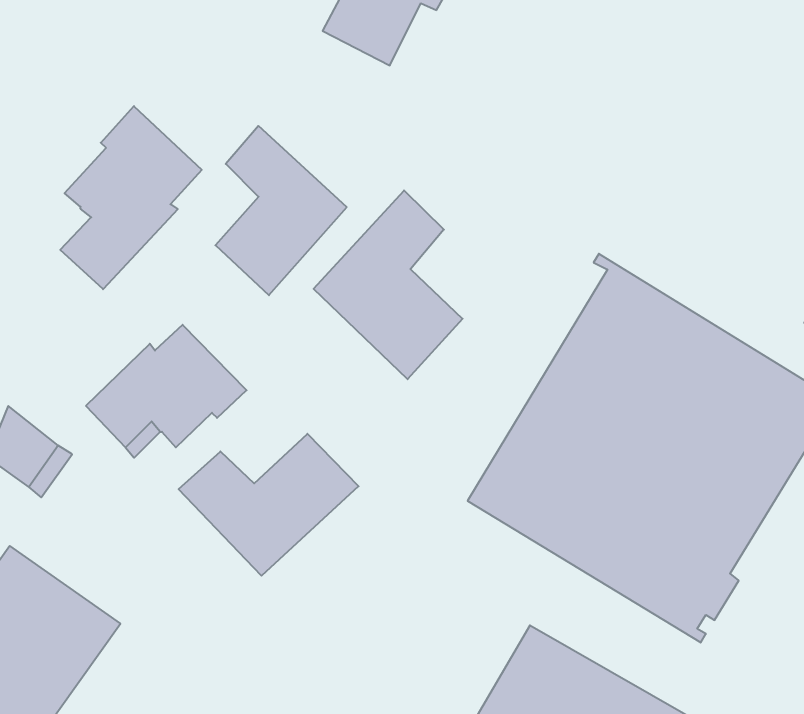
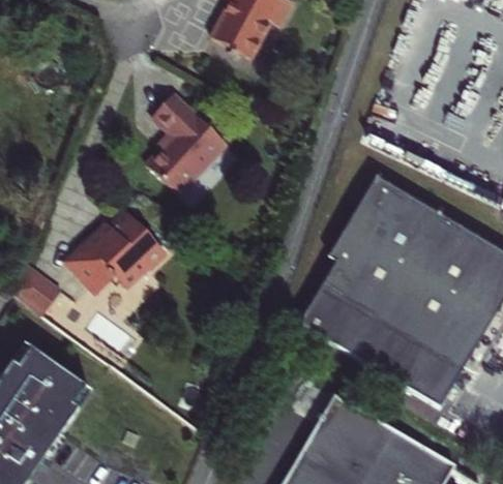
building: [60,106,202,289] -> none
building: [314,190,463,379] -> none
building: [179,434,359,576] -> none

